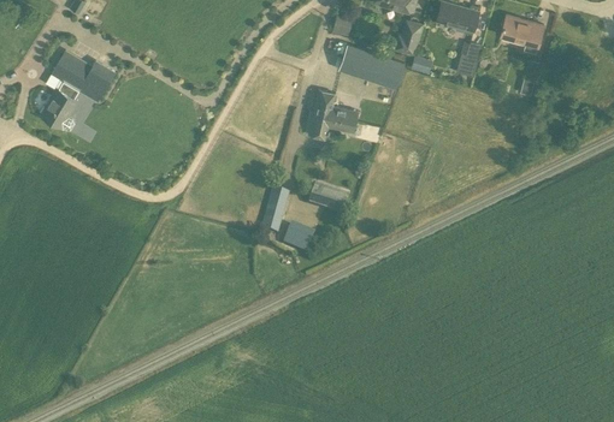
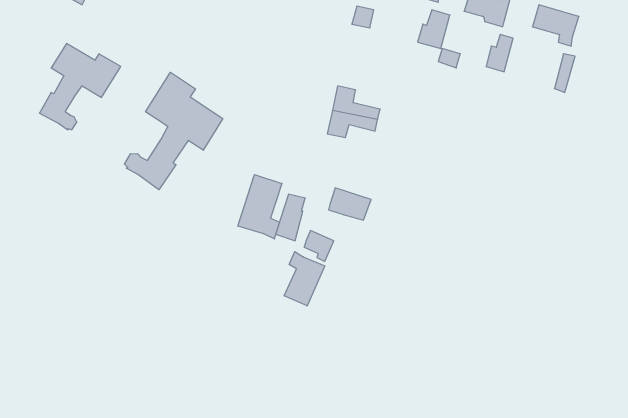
building: [338,42,405,87] -> none
building: none -> [124,72,223,190]
building: none -> [238,175,282,239]
building: none -> [284,252,325,306]

